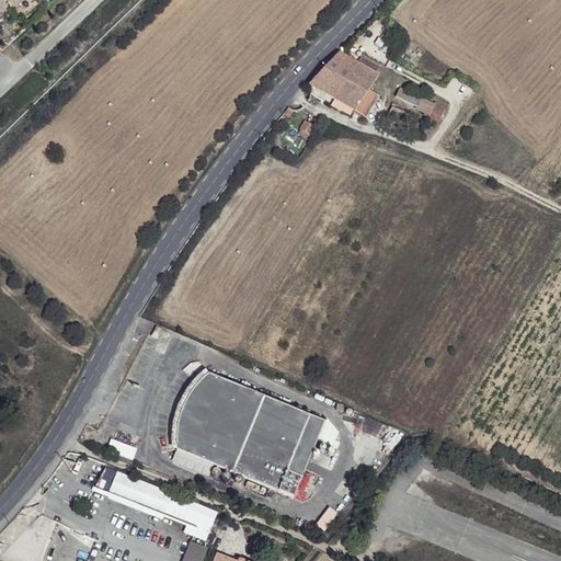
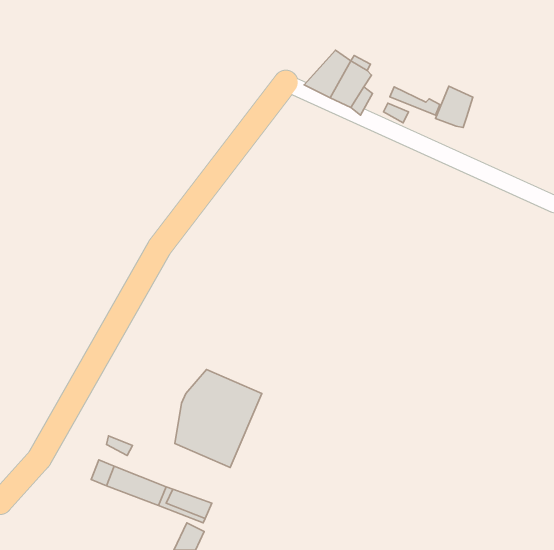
building: none -> [436,86,473,128]
building: [233,397,325,499] -> none

